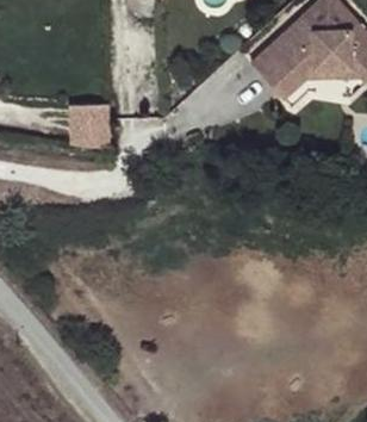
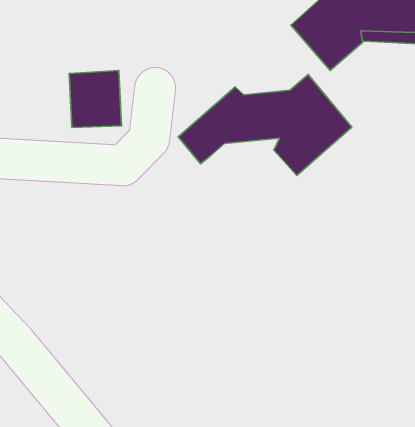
building: none -> [178,74,352,176]

